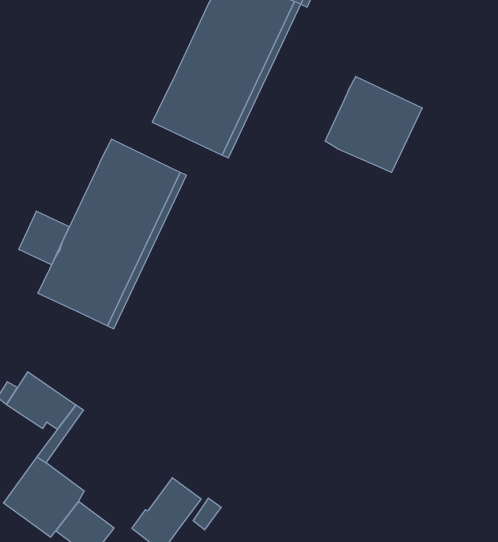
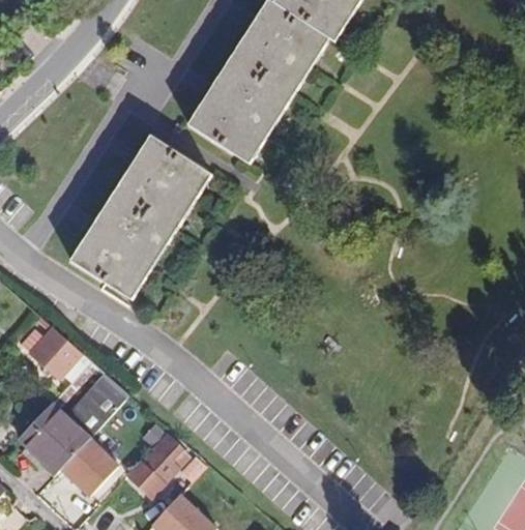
building: [325,76,422,172] -> none
building: [19,211,69,265] -> none
building: none -> [64,372,129,437]

